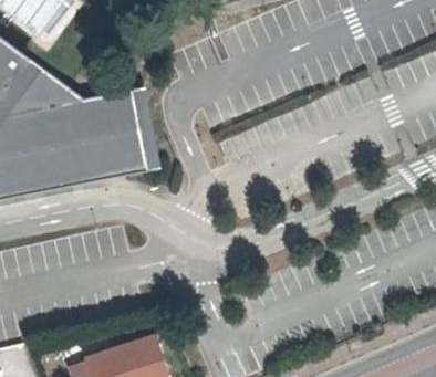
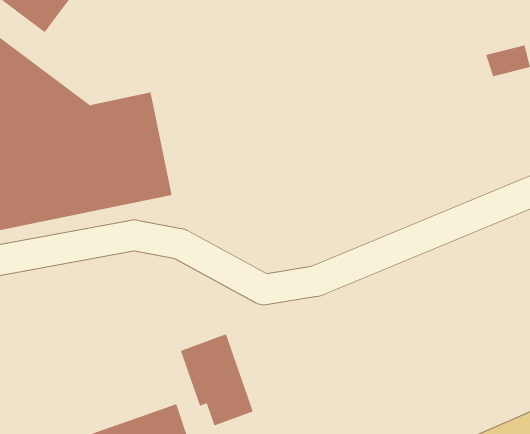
building: none -> [180,333,254,427]

